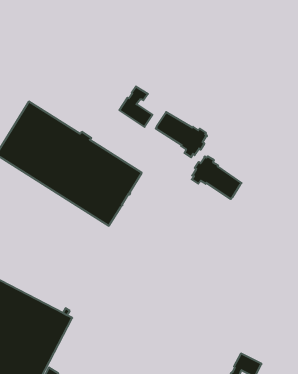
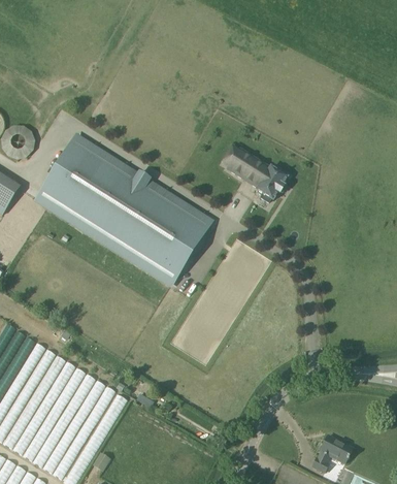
building: [119,86,152,127] -> none
building: [192,156,242,199] -> none

